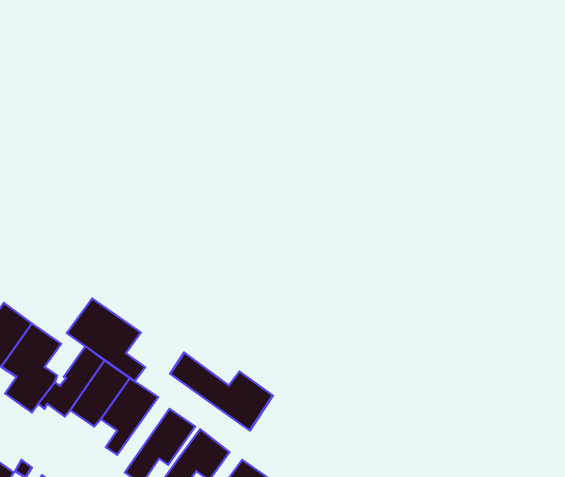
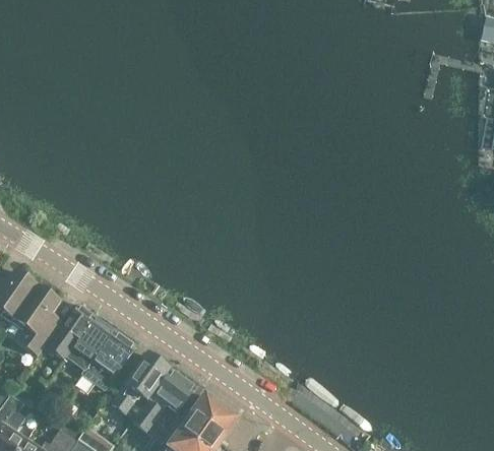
building: [67,298,145,381] -> none
building: [170,353,273,430] -> none

